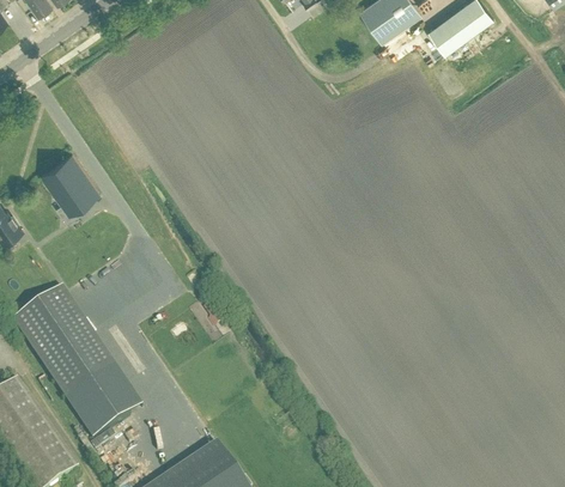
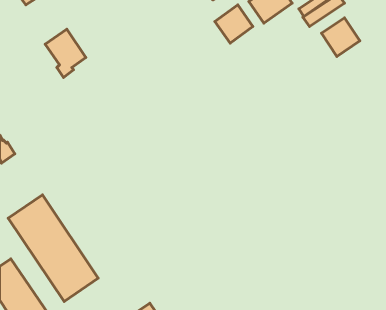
building: none -> [215,5,253,43]
building: none -> [322,18,360,56]
building: [42,153,101,223] -> [45,29,86,77]

